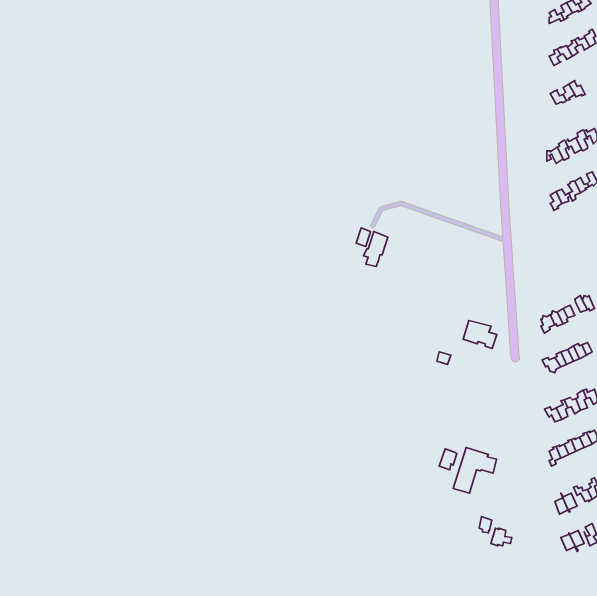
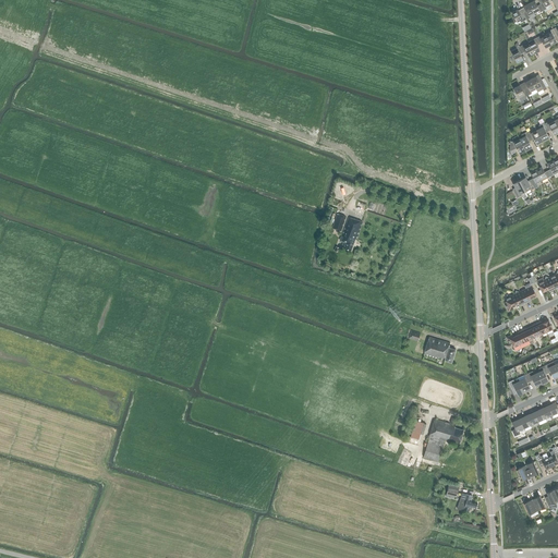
building: [463,320,497,349] -> [424,336,456,362]

